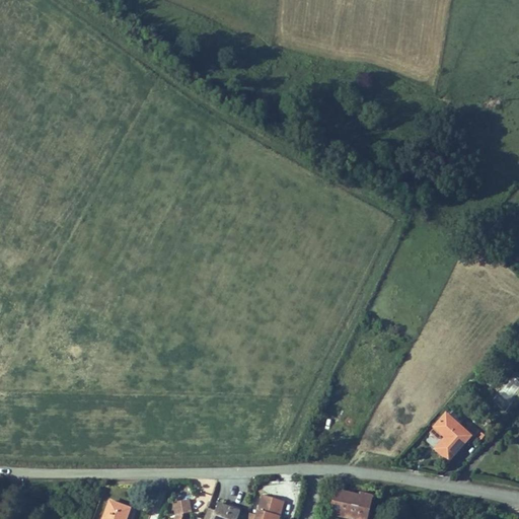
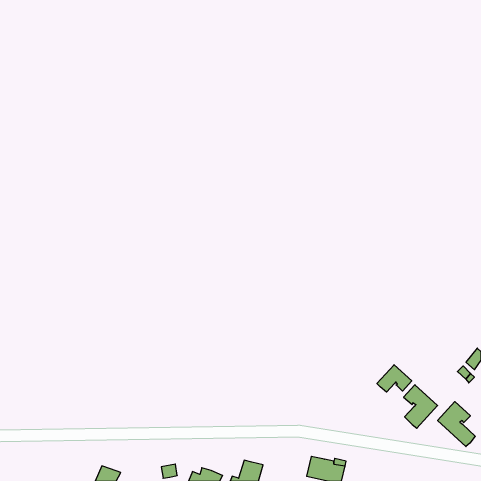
building: none -> [377,365,412,392]
building: none -> [438,402,475,447]

